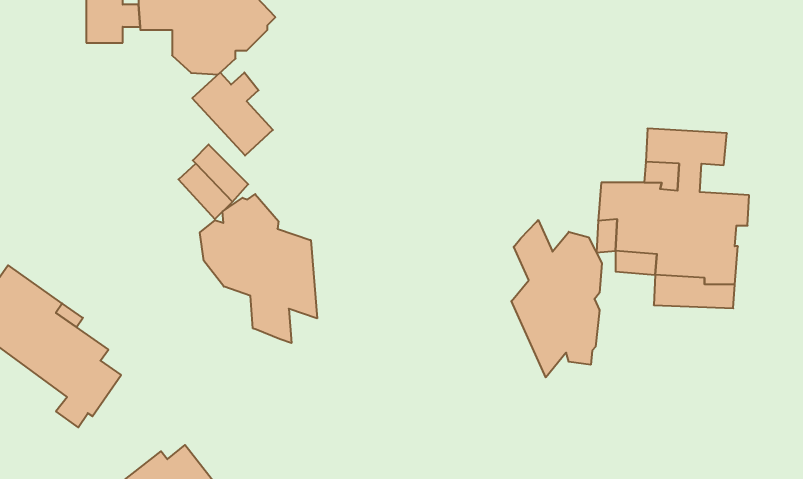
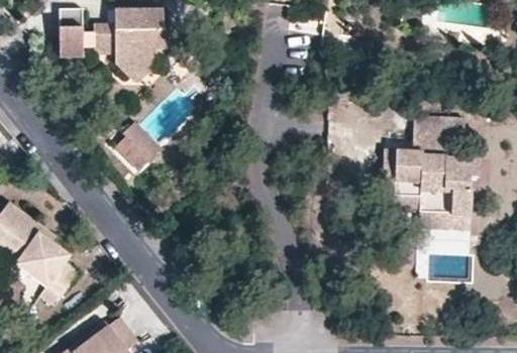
building: [192,72,273,156] -> none
building: [200,194,317,343] -> none
building: [511,220,602,377] -> none

